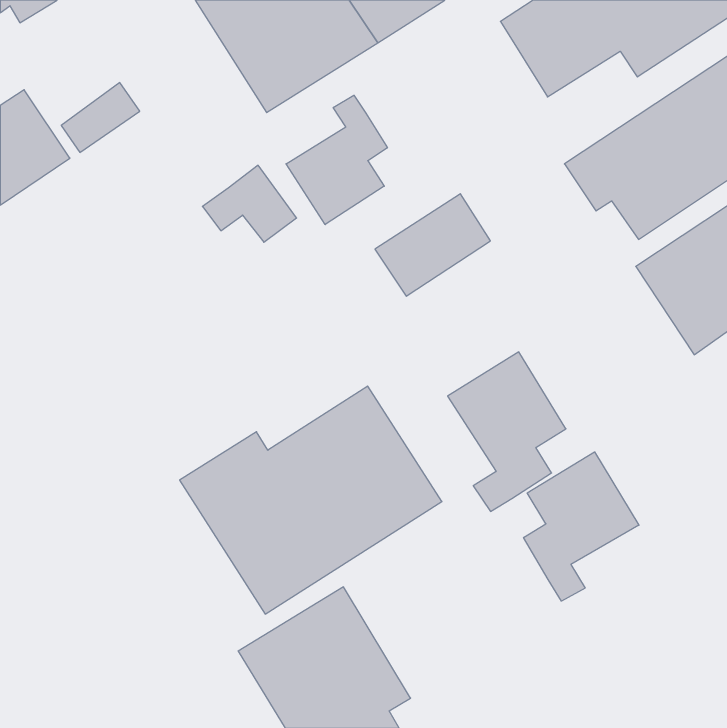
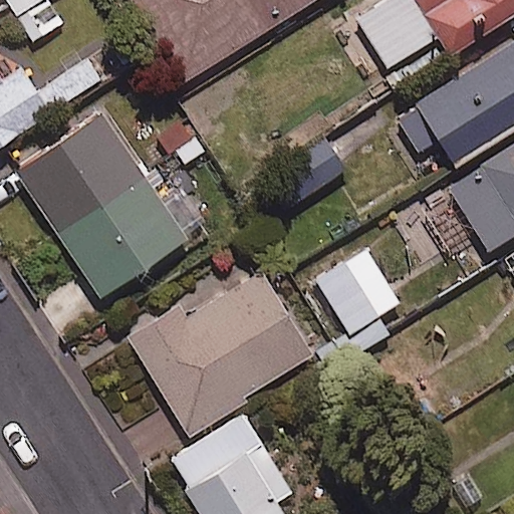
building: [286,95,387,225] -> none
building: none -> [16,111,189,297]
building: [524,452,639,601] -> none

